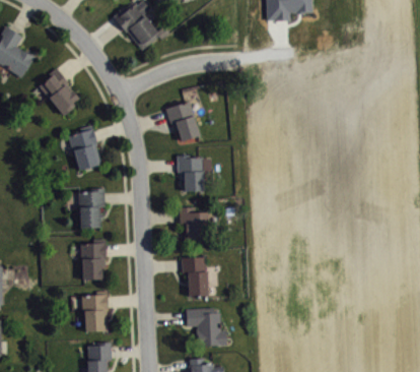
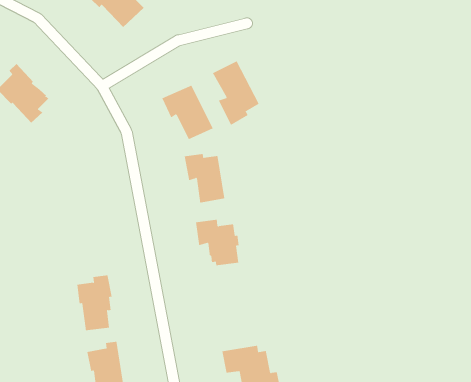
building: none -> [212,61,260,126]
building: [69,125,101,170] -> none
building: [79,188,104,228] -> none
building: [183,258,208,298] -> none

